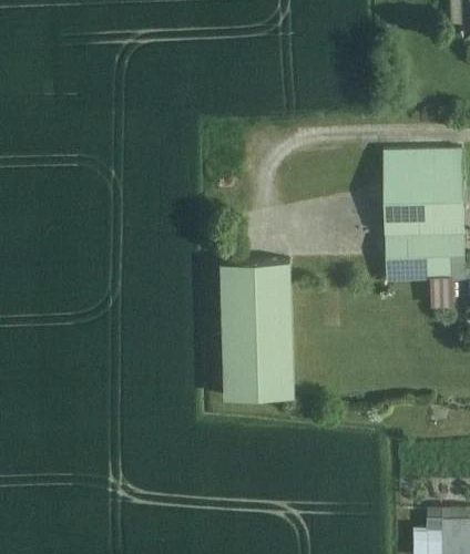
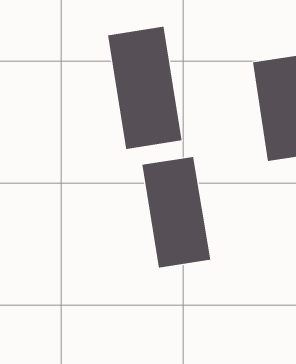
building: none -> [107,26,182,150]

